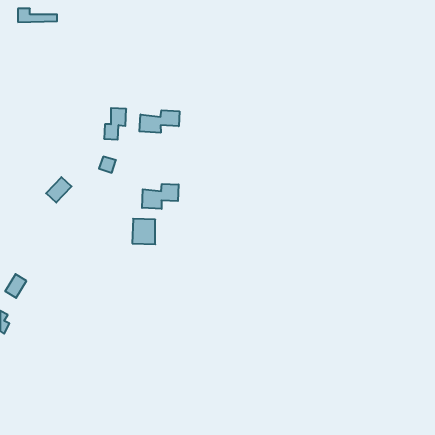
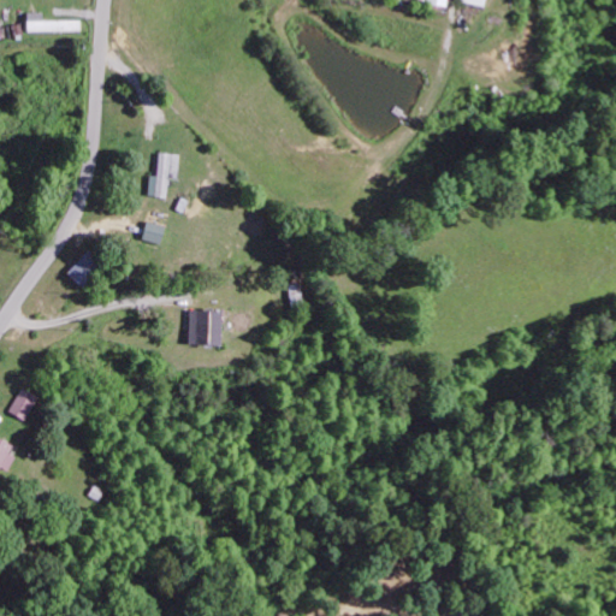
building: [139,110,179,133] -> none
building: [142,184,179,209] -> none

